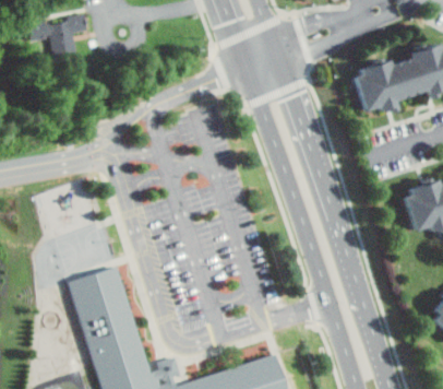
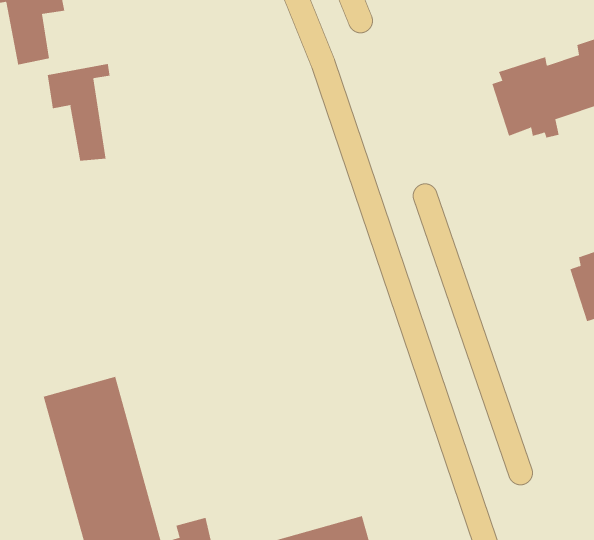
building: none -> [47,63,110,162]

